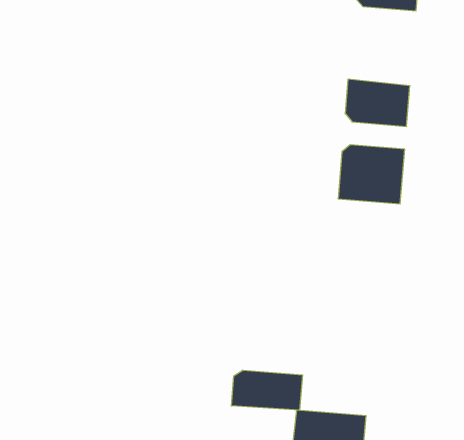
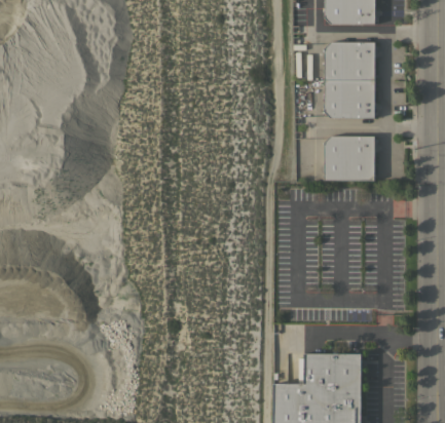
building: none -> [326,42,376,85]
building: [231,370,302,410] -> none

